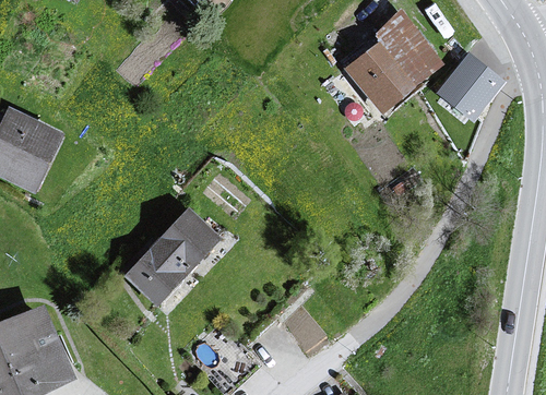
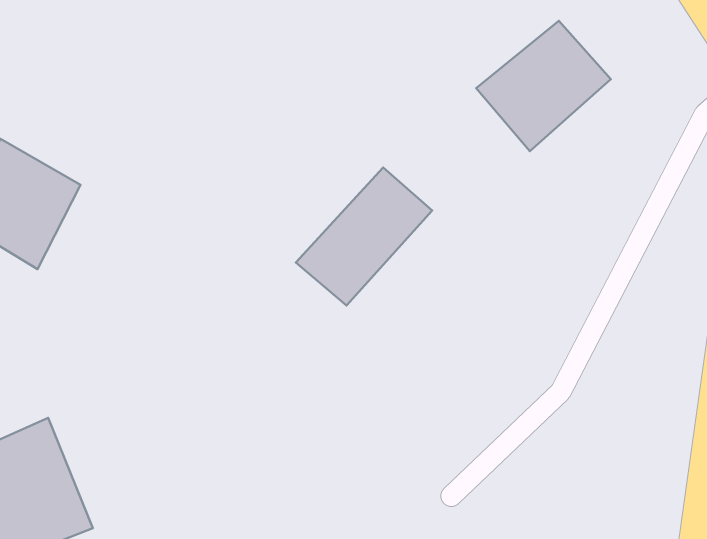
building: [440,56,502,121] -> none
building: [122,208,219,307] -> [296,168,432,306]

